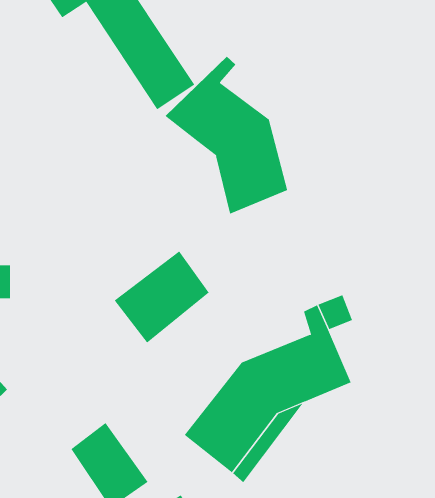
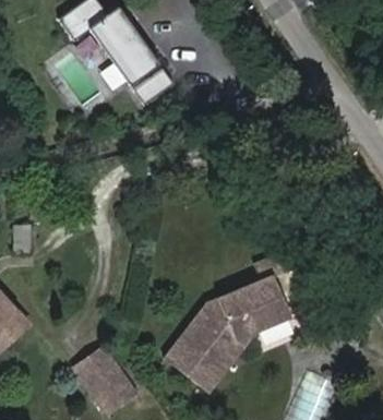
building: [165,56,288,215] -> none
building: [114,250,210,344] -> none

